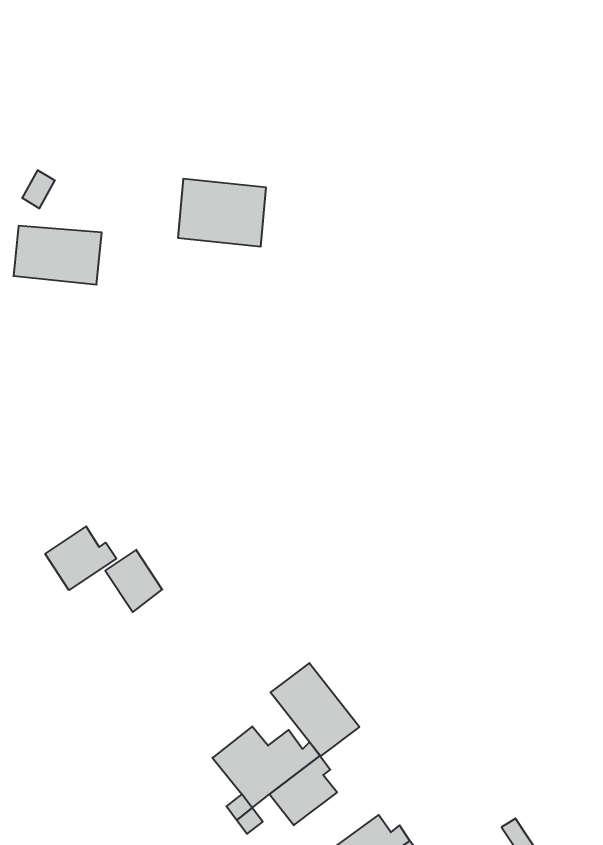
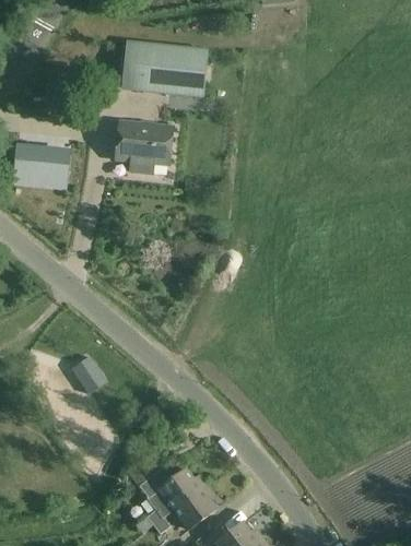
building: none -> [124,43,207,95]
building: [45,526,116,590] -> none
building: [271,663,359,756] -> none

